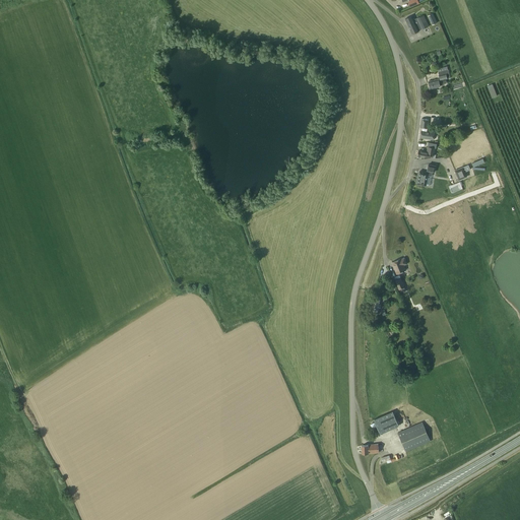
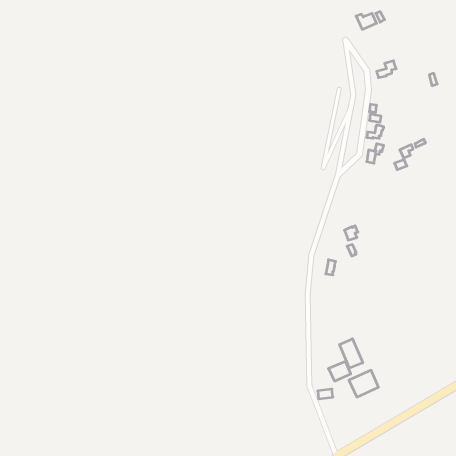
building: none -> [340,339,363,368]

